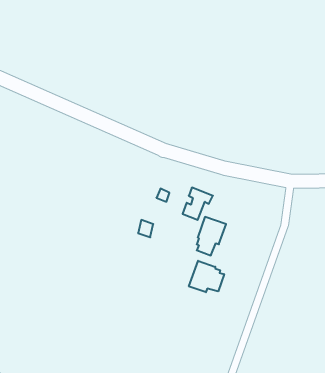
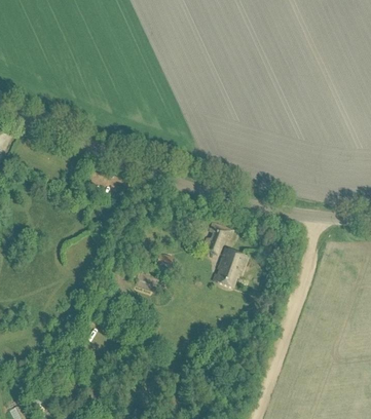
building: [189,261,224,292] -> none

